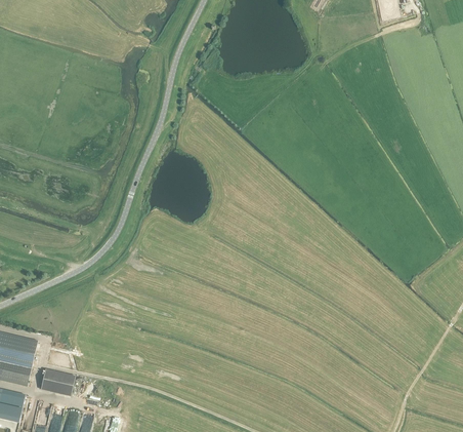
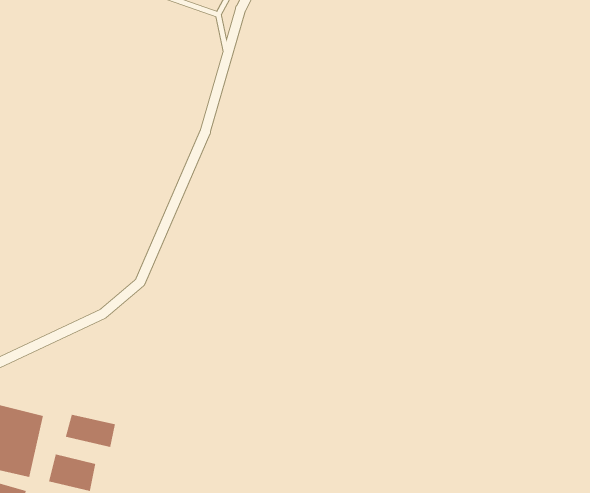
building: none -> [65,414,116,448]

